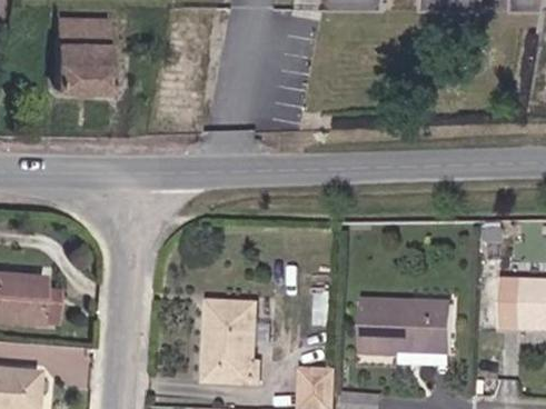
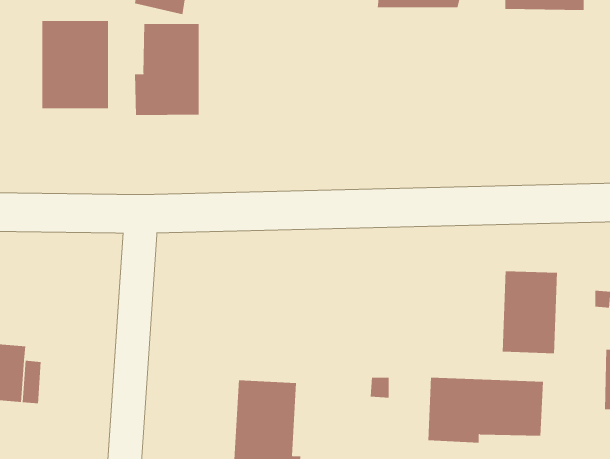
building: none -> [134,23,199,116]
building: none -> [502,270,557,354]

